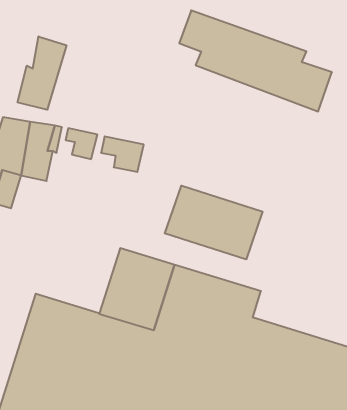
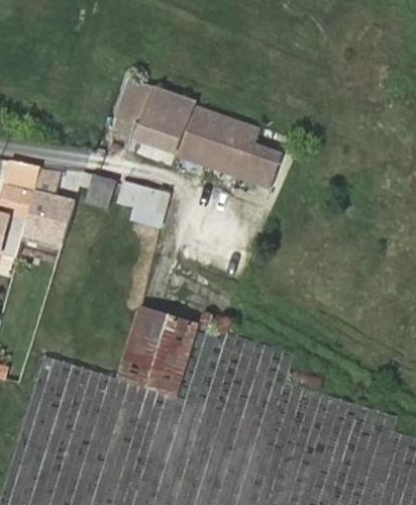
building: [179,10,332,111] -> [117,82,287,194]
building: [18,36,66,110] -> none
building: [165,186,263,259] -> none

